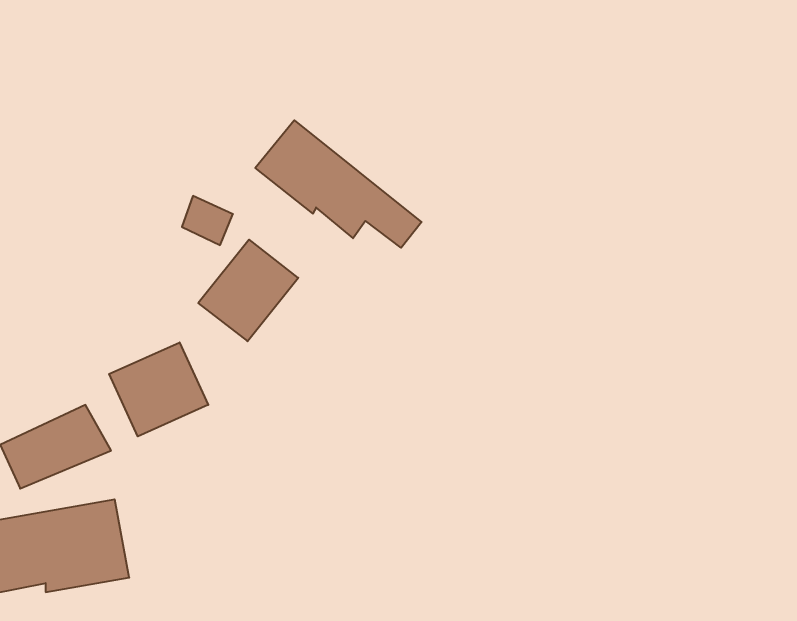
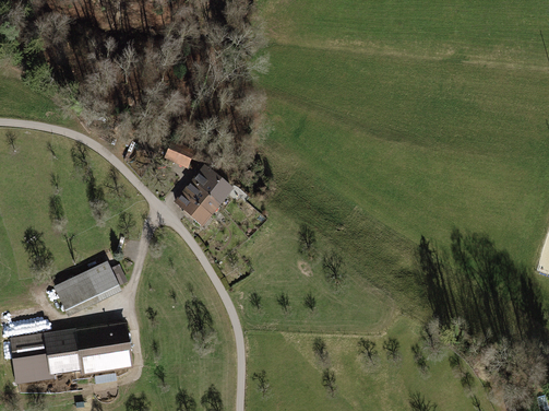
building: [255,120,422,248] -> none
building: [109,342,208,436] -> none

